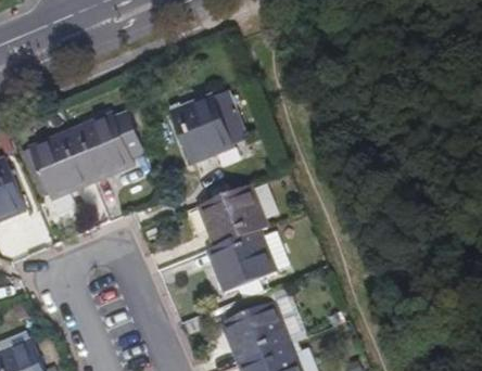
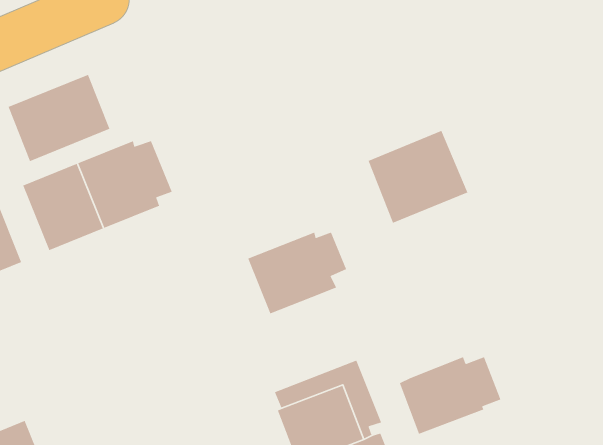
building: none -> [7,74,111,162]
building: [168,88,246,161] -> [367,130,469,224]
building: [208,232,288,293] -> [399,356,501,435]

